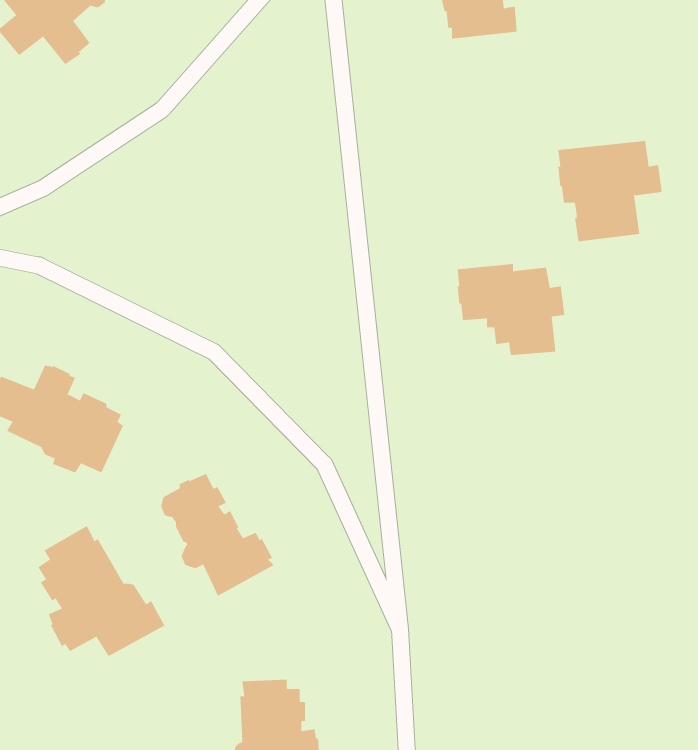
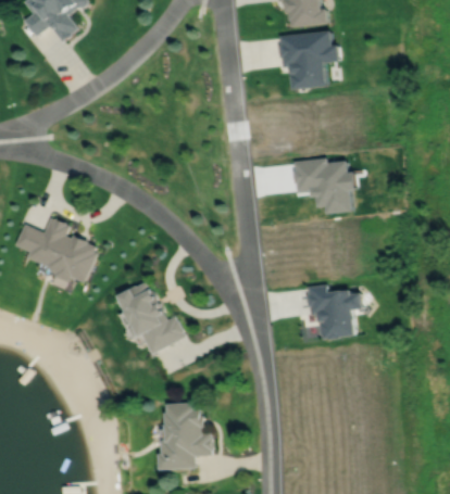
building: [558,141,662,242] -> [279,29,341,89]
building: none -> [307,284,365,341]
building: [37,525,165,657] -> none

